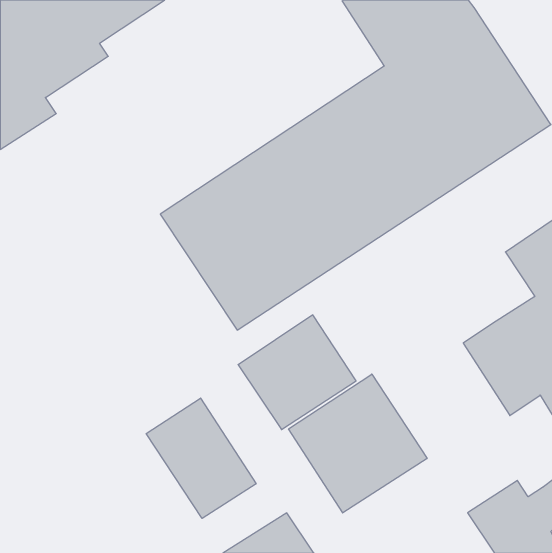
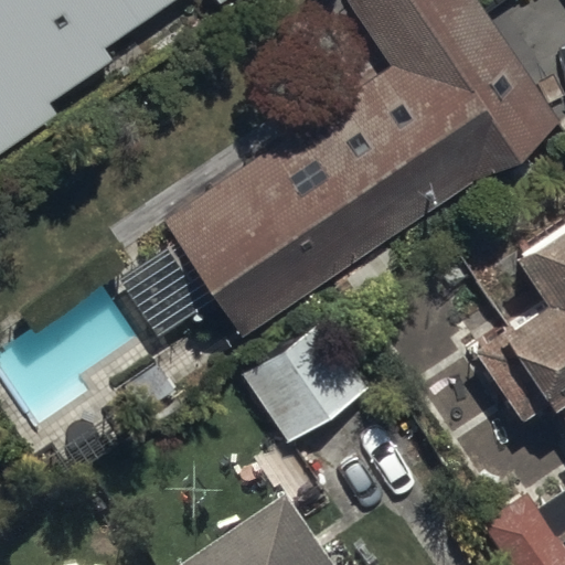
building: [289,374,427,513] -> none
building: [146,398,256,518] -> none

